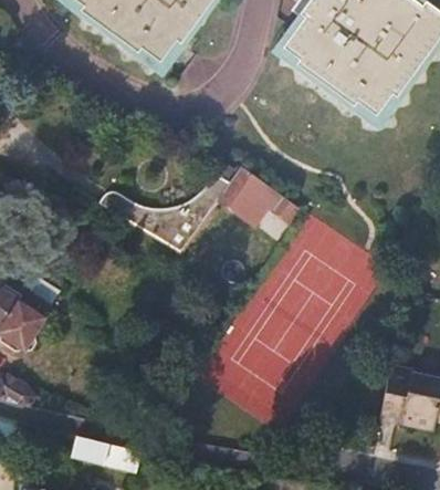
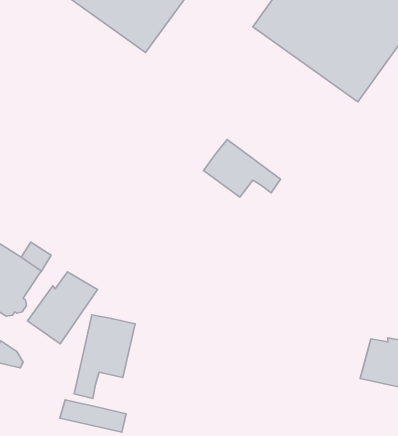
building: [98,180,232,253] -> none
building: none -> [28,272,97,344]
building: none -> [74,315,135,399]

